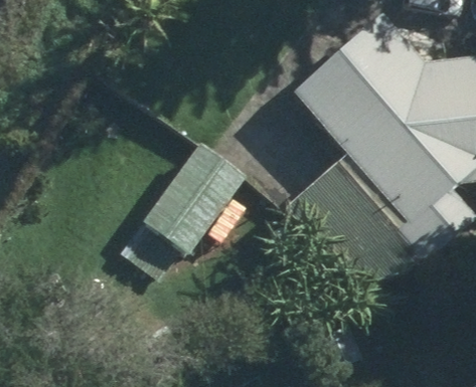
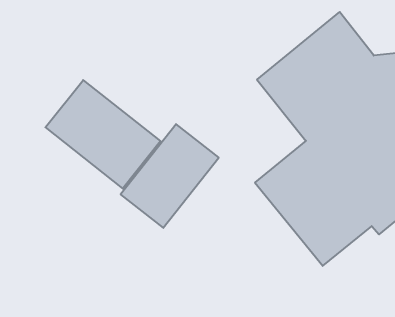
building: none -> [45,80,161,189]

